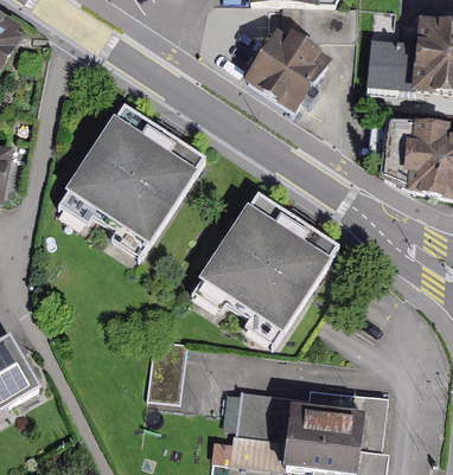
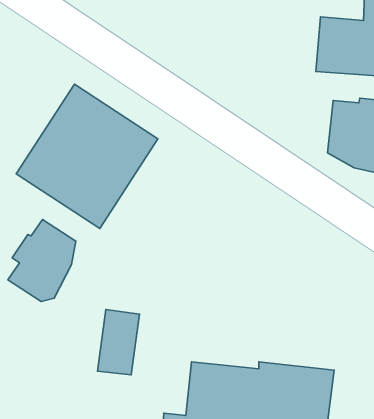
building: [241,24,330,113] -> none
building: [194,190,339,336] -> none
building: none -> [8,219,76,302]

